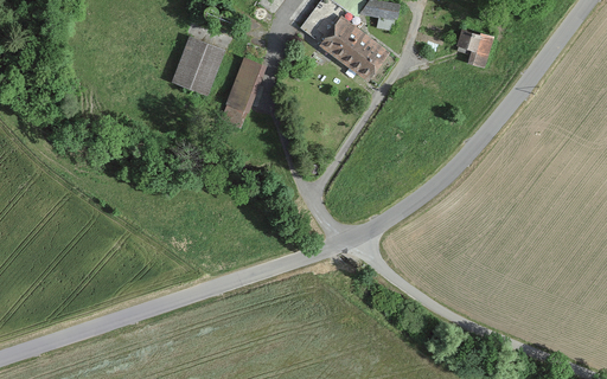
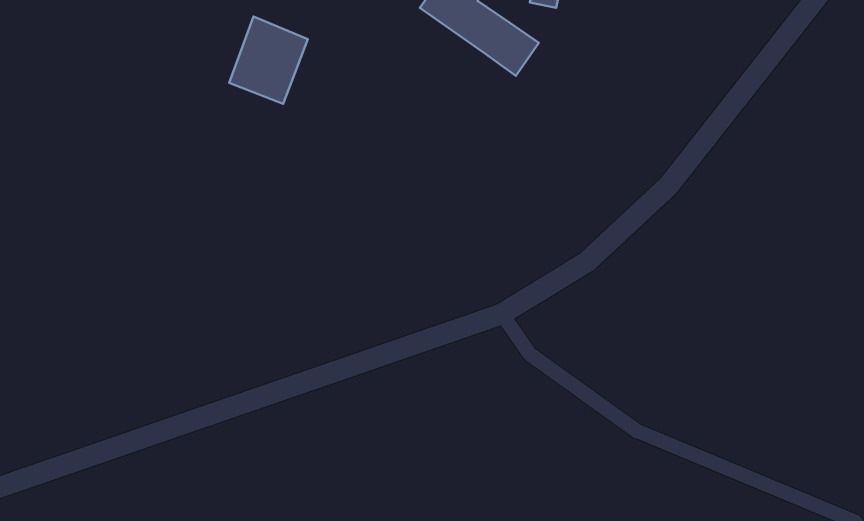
building: [455,30,492,69] -> none
building: [219,58,267,128] -> none

